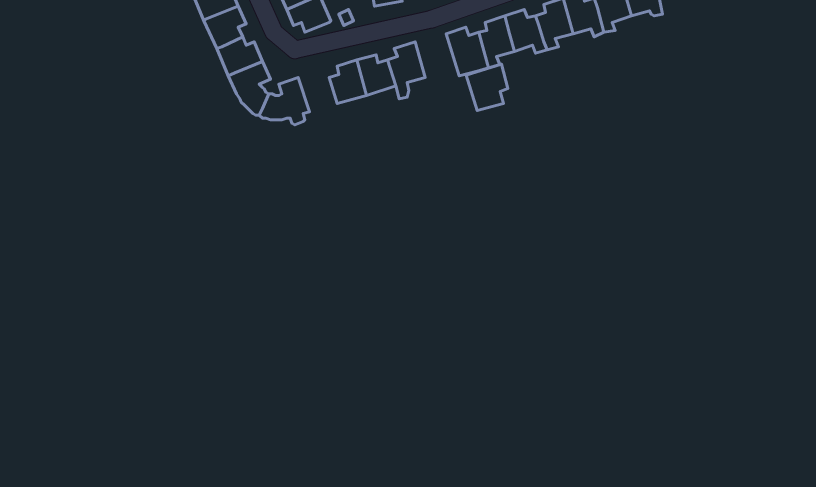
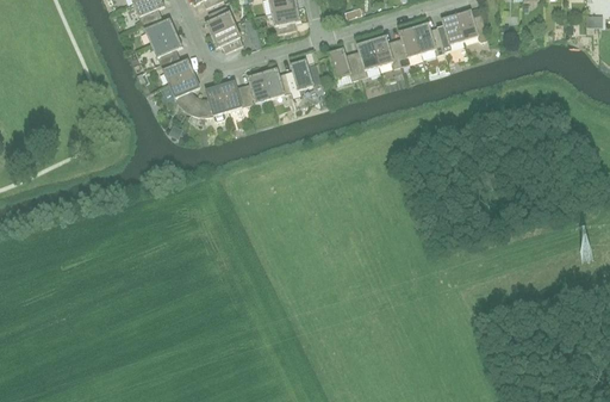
building: [466,64,508,111] -> none
building: none -> [219,80,248,110]

